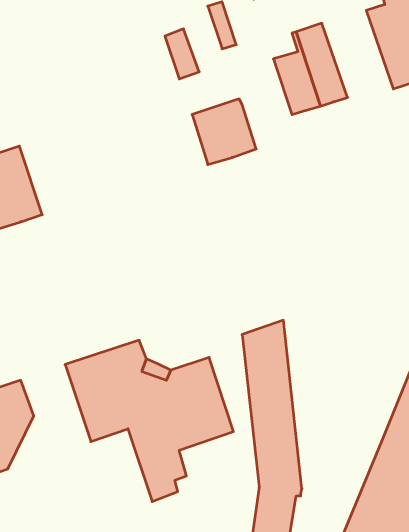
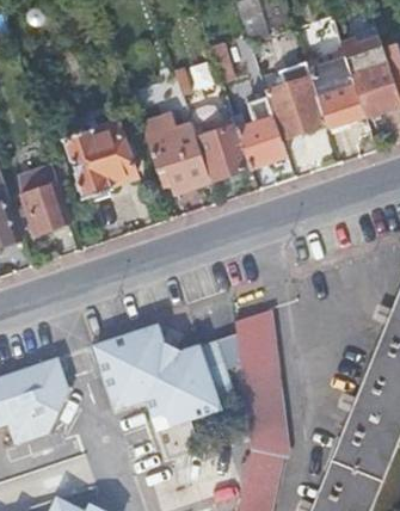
building: none -> [306,49,365,130]
building: none -> [239,94,287,166]
building: none -> [146,123,210,191]
building: none -> [66,124,136,197]

